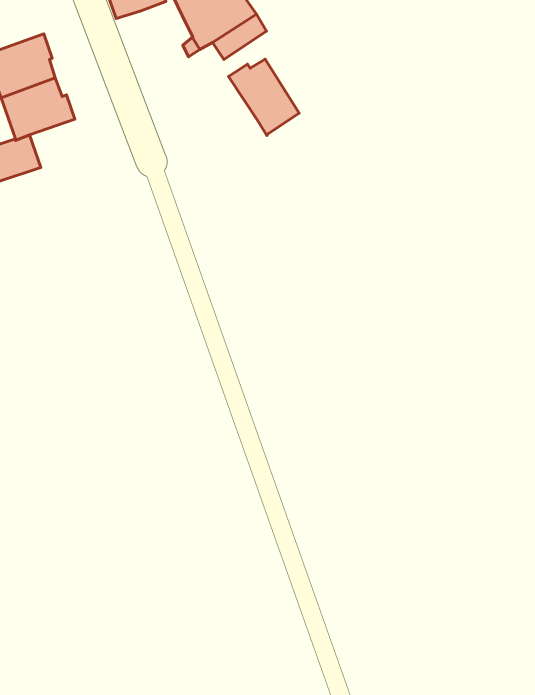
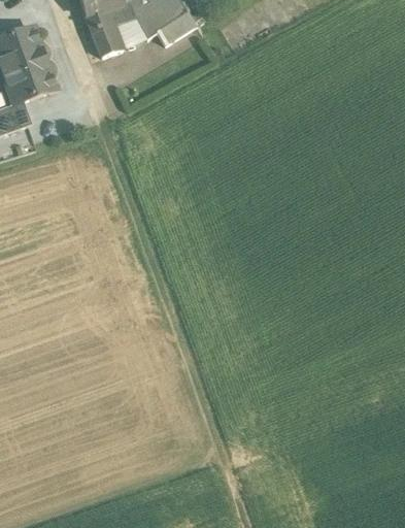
building: none -> [86,9,123,55]
building: [229,59,299,135] -> none

